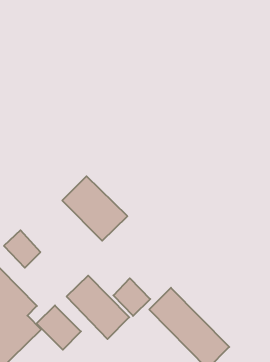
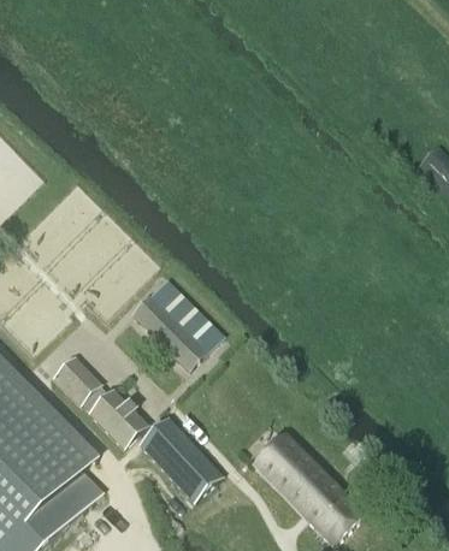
building: [113,278,150,316] -> none
building: [37,305,81,350] -> [88,386,149,448]

